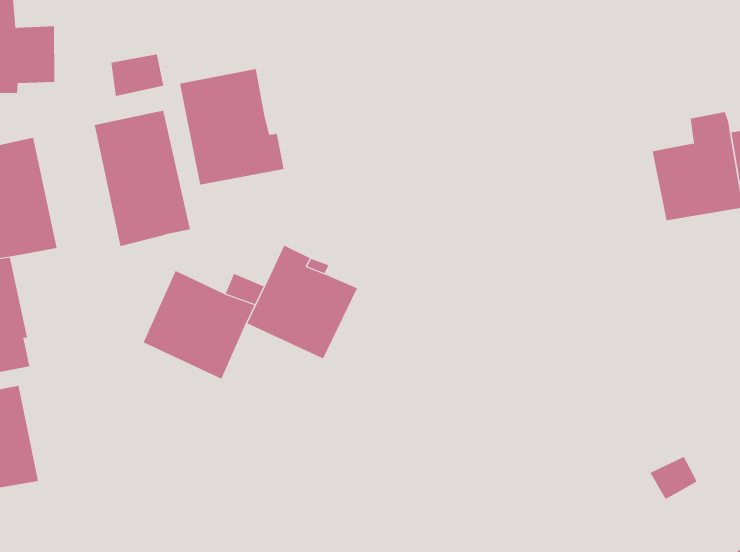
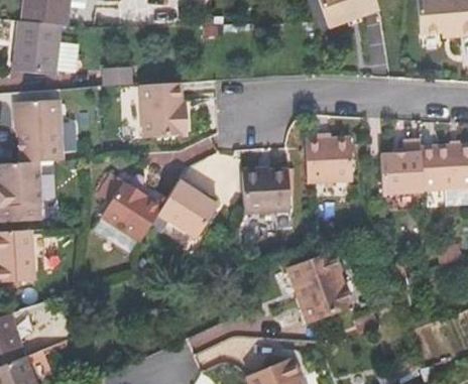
building: [94,110,191,247] -> none
building: none -> [306,135,352,181]
building: none -> [242,168,287,211]
building: none -> [289,257,352,326]

